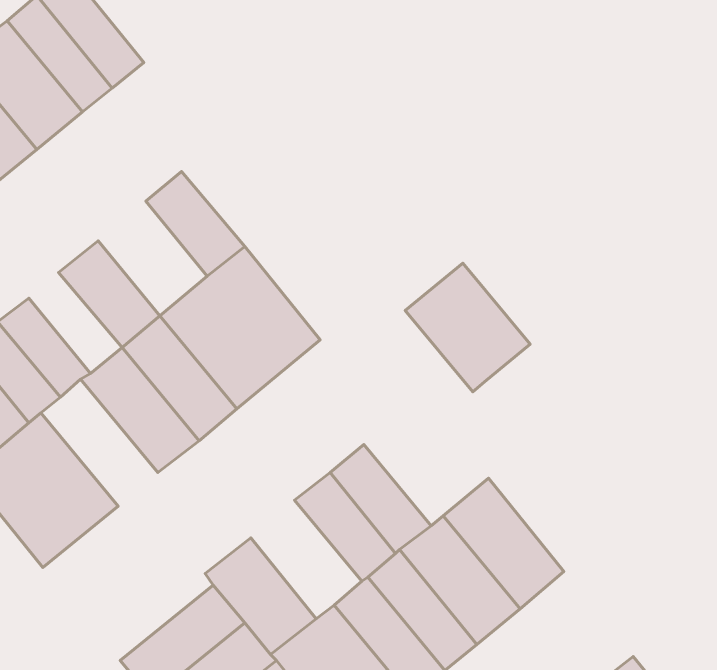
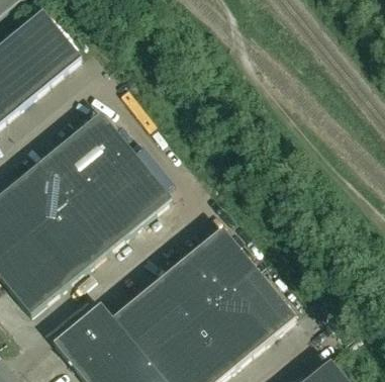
building: none -> [58,127,113,186]
building: [405,263,530,392] -> [193,227,257,293]
building: none -> [22,164,70,215]
building: none -> [28,218,88,283]
building: none -> [135,280,192,341]
building: none -> [53,303,116,362]

